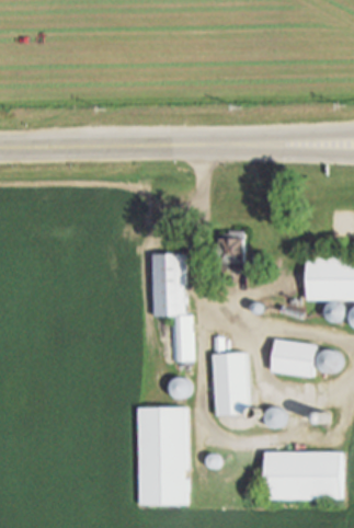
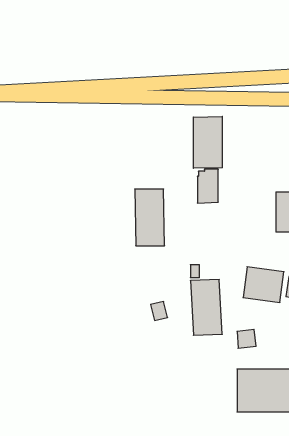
building: none -> [193,116,222,168]
building: [172,315,193,361] -> none
building: [139,408,186,504] -> none

